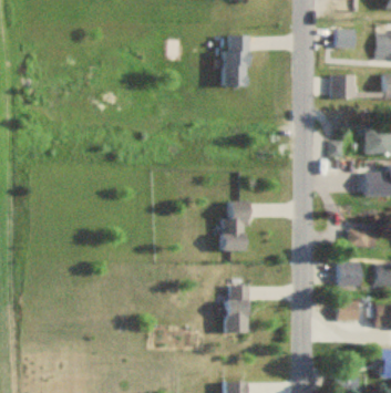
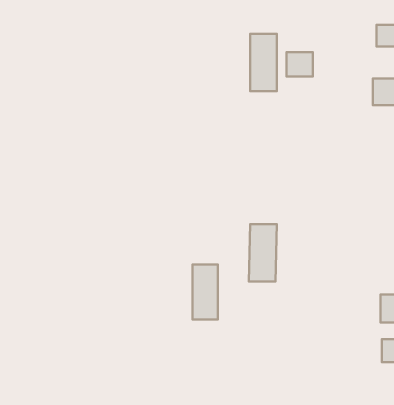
building: none -> [286,52,313,77]
building: [227,286,249,333] -> [192,265,218,320]

